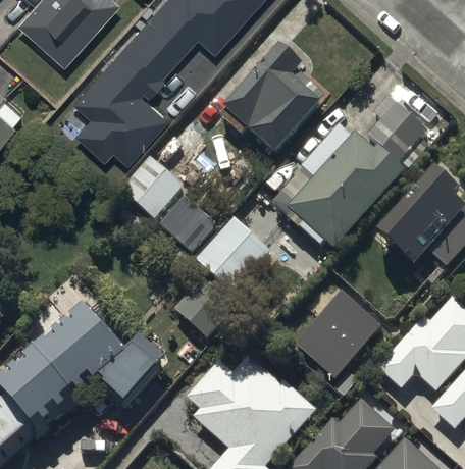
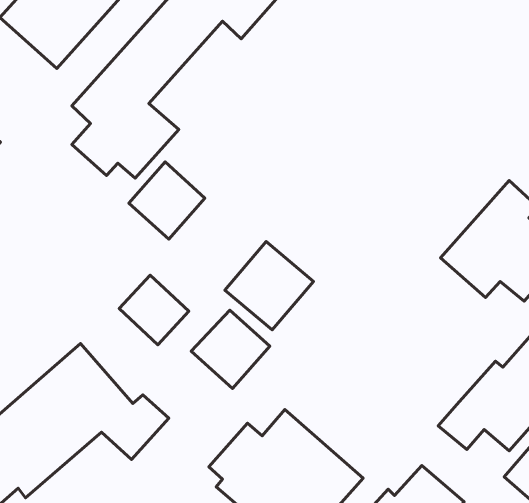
building: [222,57,318,166] -> none
building: [368,100,429,169] -> none
building: [266,125,398,260] -> none
building: [160,194,217,251] -> [119,275,189,345]
building: [296,289,380,375] -> none

